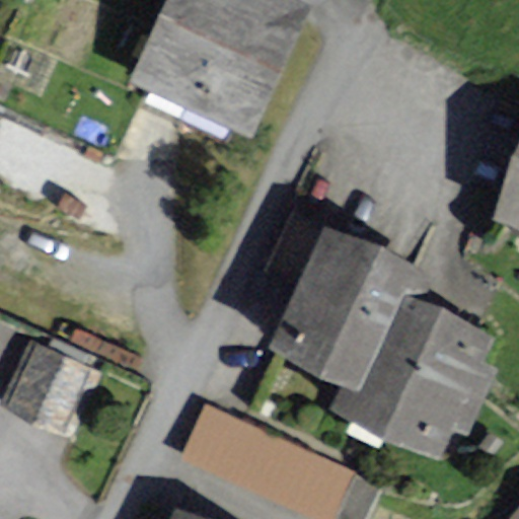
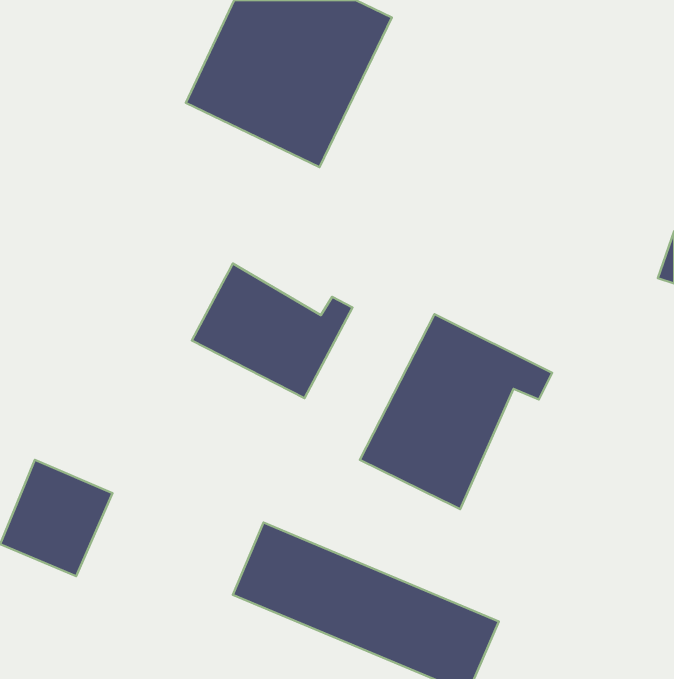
building: none -> [192,263,353,398]
building: [328,298,487,458] -> none

